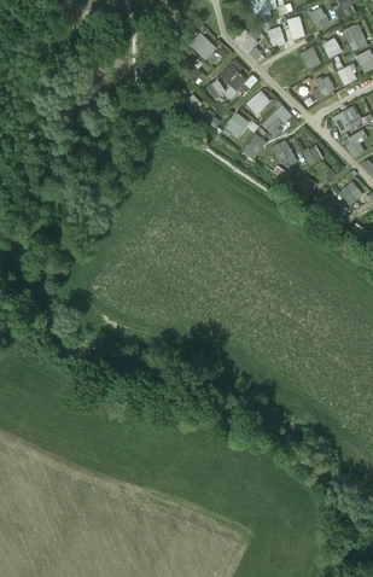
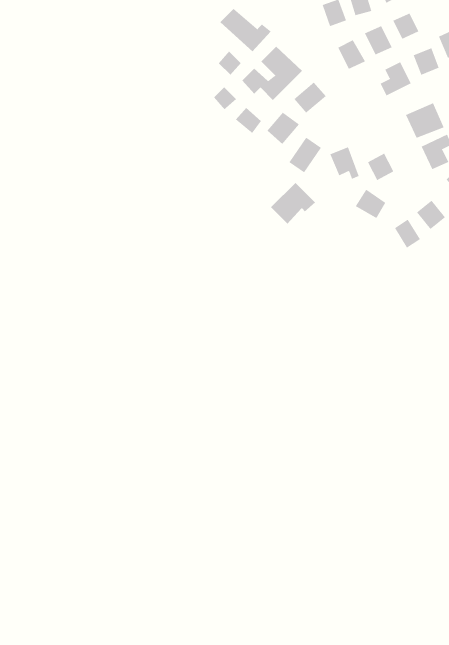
building: [261,104,296,136] -> [270,182,316,225]

